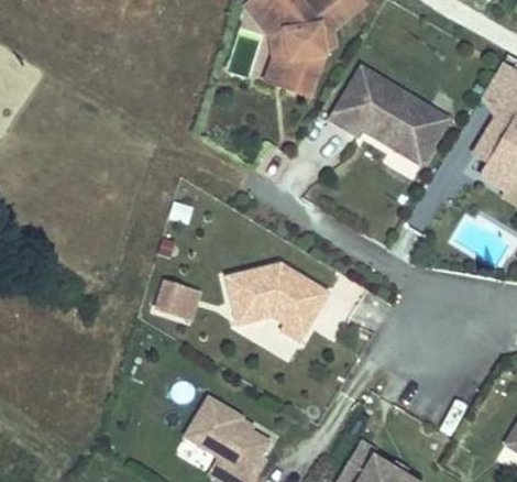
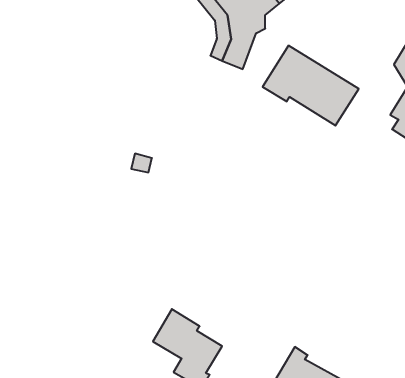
building: [226,264,327,341] -> none
building: [156,281,198,317] -> none

